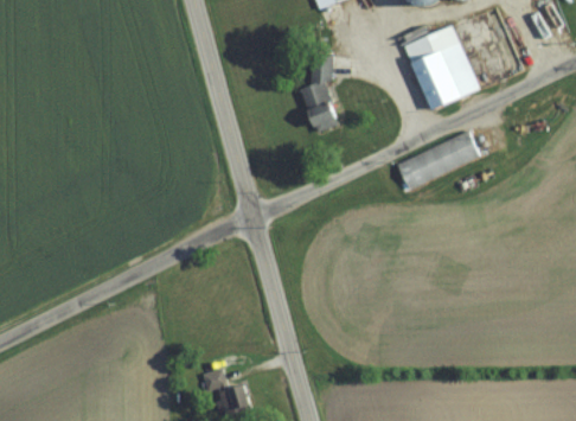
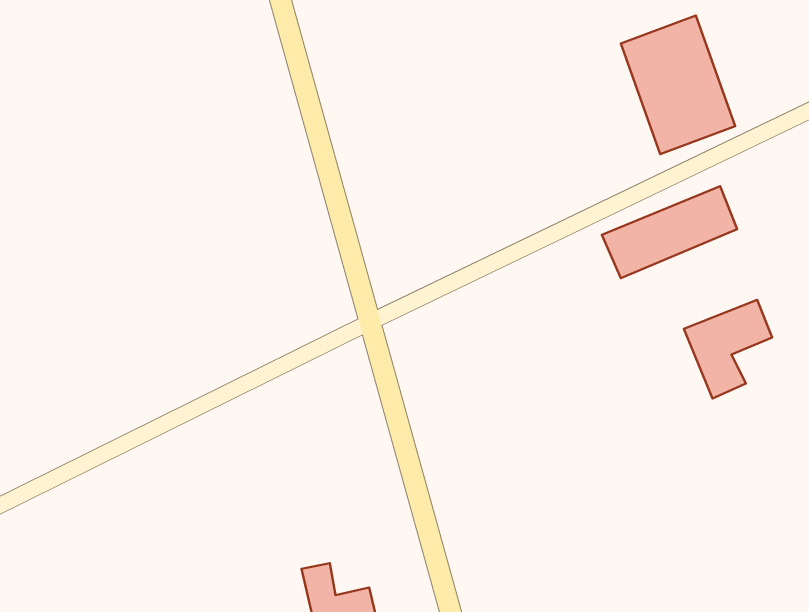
building: [300,57,341,130] -> none
building: none -> [684,300,772,398]

